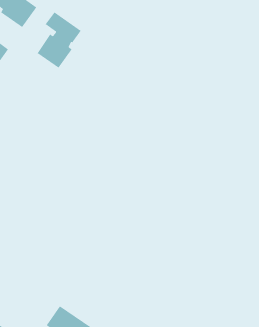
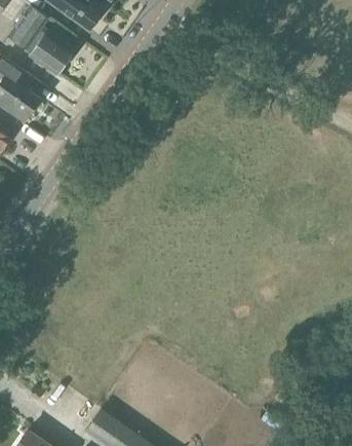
building: [37,12,82,69] -> none

